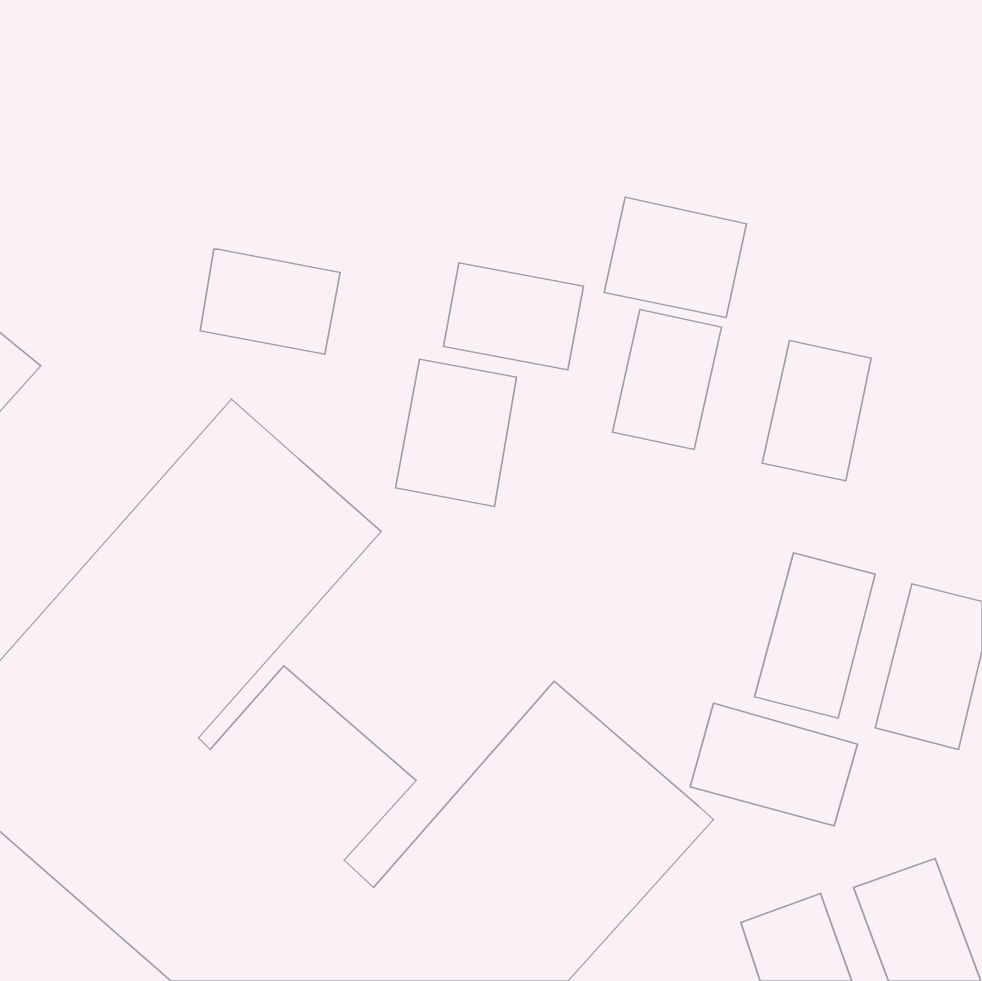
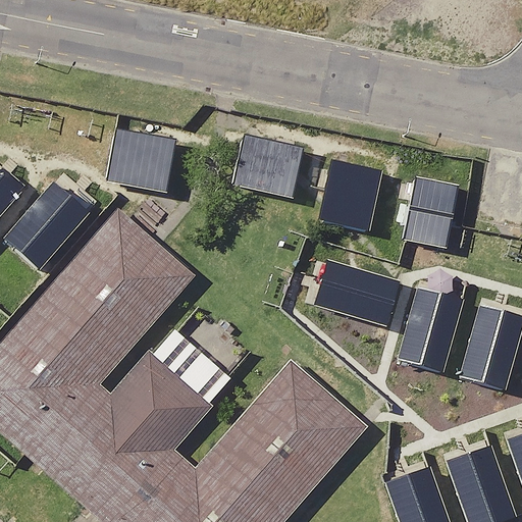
building: [604,197,746,317] -> none
building: none -> [5,186,89,269]
building: [395,359,517,506] -> none
building: [690,703,858,826] -> [308,260,396,324]

